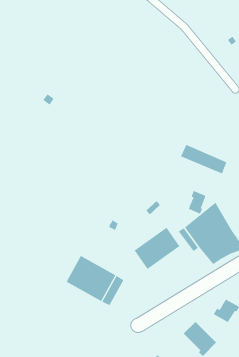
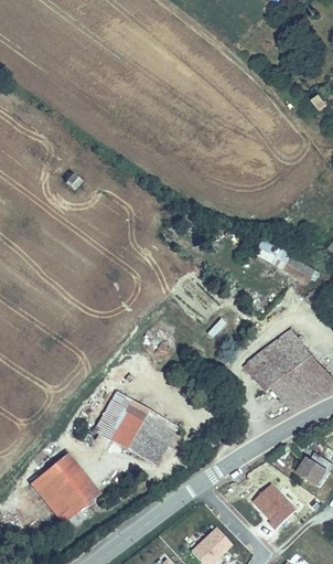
building: [188,190,206,215] -> none
building: [134,227,180,270] -> none
building: none -> [28,454,96,522]

